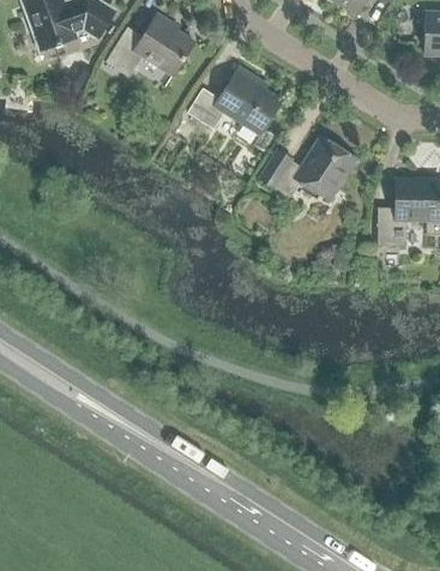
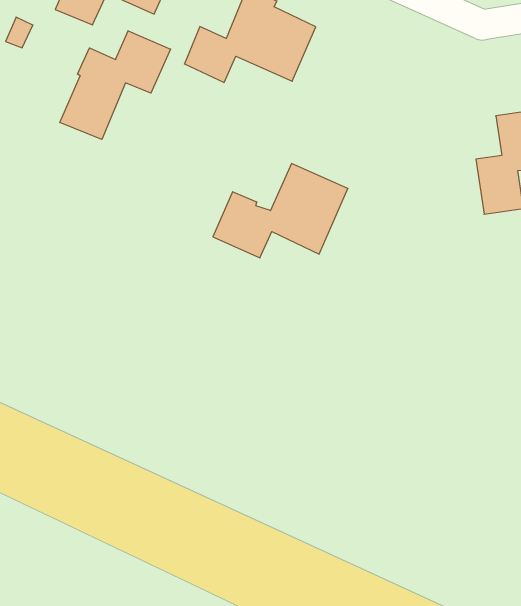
building: none -> [60,31,171,139]
building: [259,137,356,202] -> [213,164,348,258]

